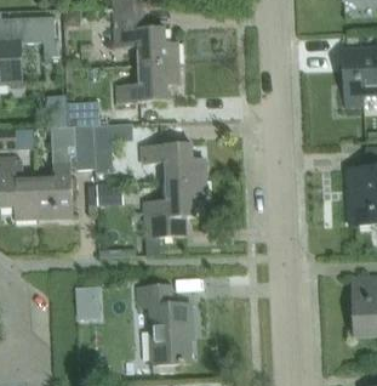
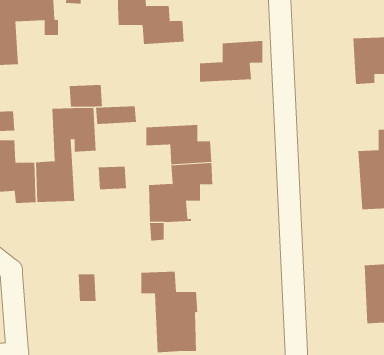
building: [118,63,179,103] -> [199,41,263,82]

